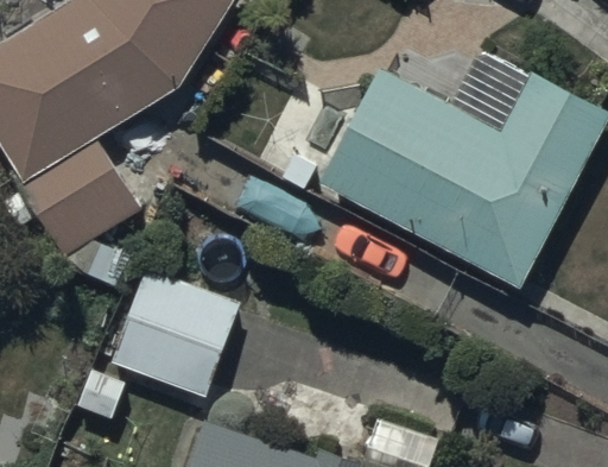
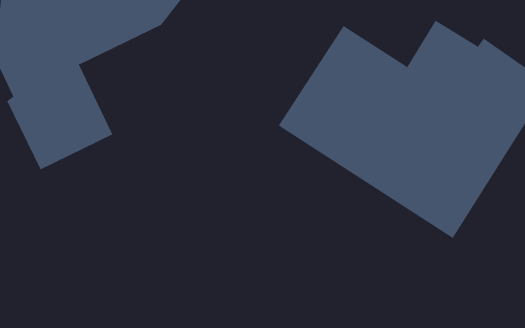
building: [109,265,239,402] -> none

